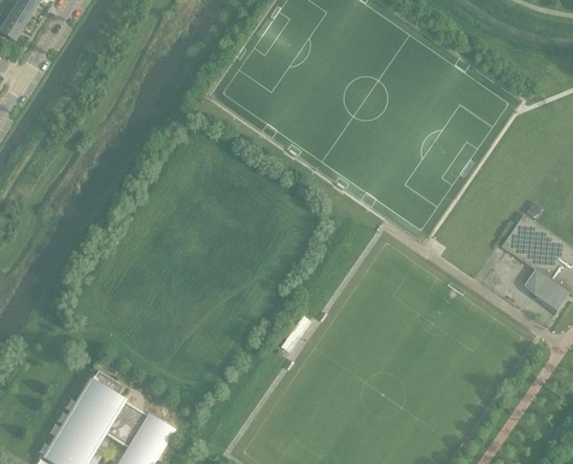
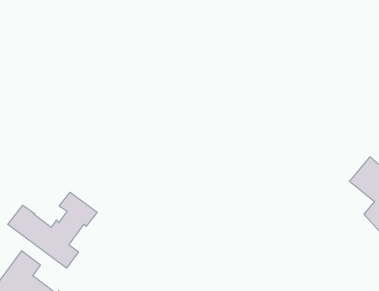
building: none -> [8,192,97,268]

